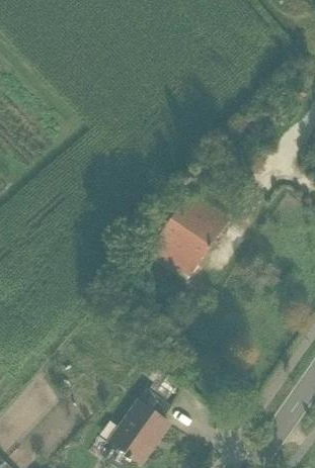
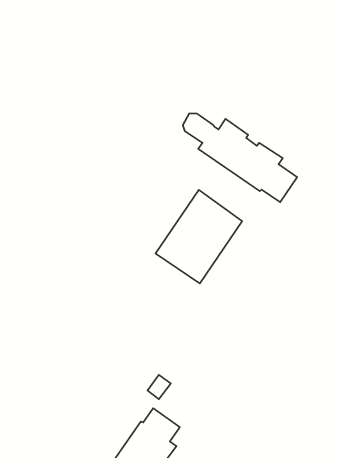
building: none -> [183,113,297,202]

